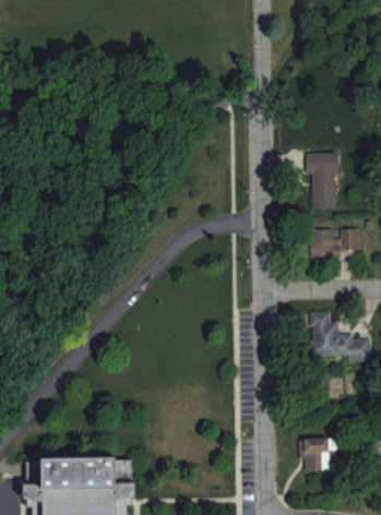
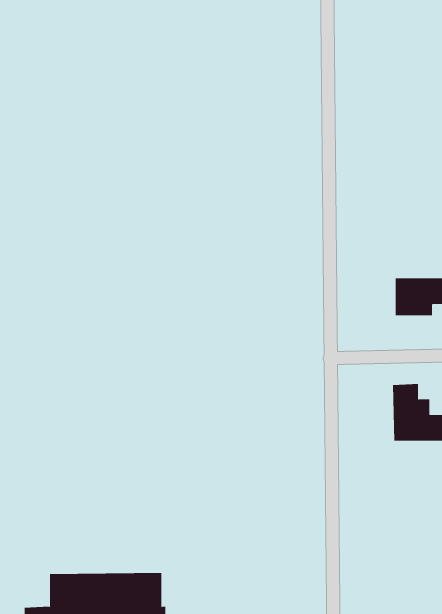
building: [309,153,337,209] -> none
building: [299,439,329,469] -> none

